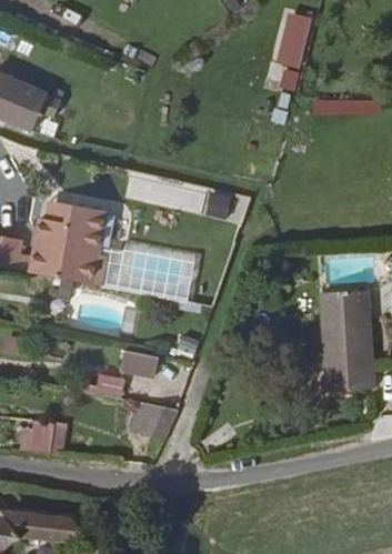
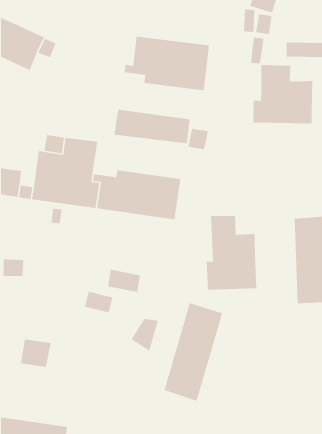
building: none -> [124,36,210,91]
building: none -> [253,64,313,124]
building: none -> [206,215,257,290]
building: none -> [164,302,223,402]

